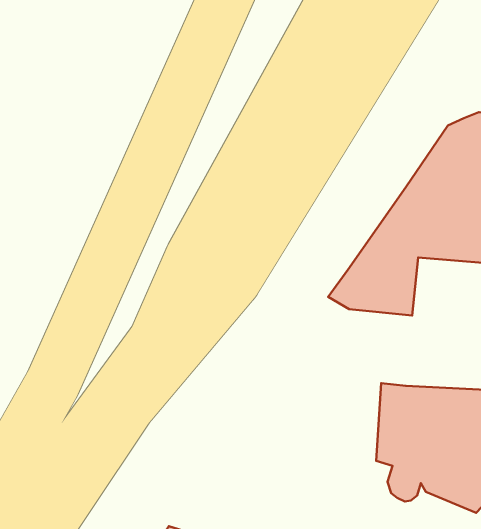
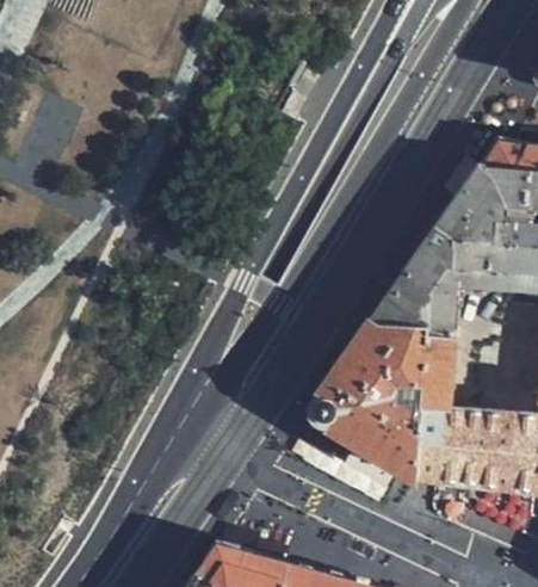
building: none -> [310,320,454,478]

